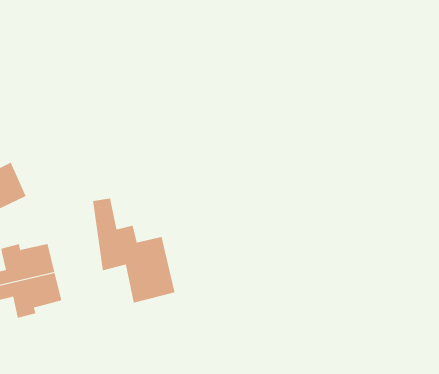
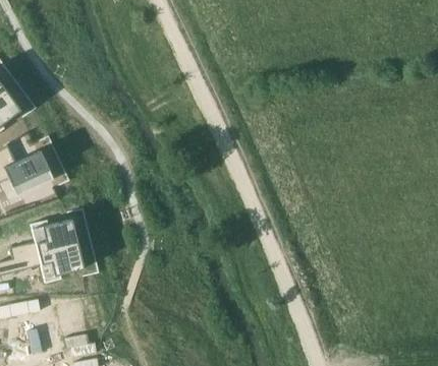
building: [92,197,175,303] -> none

